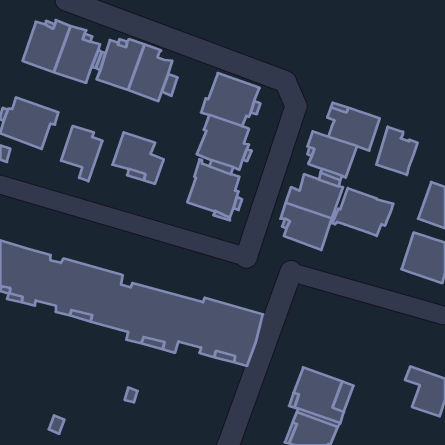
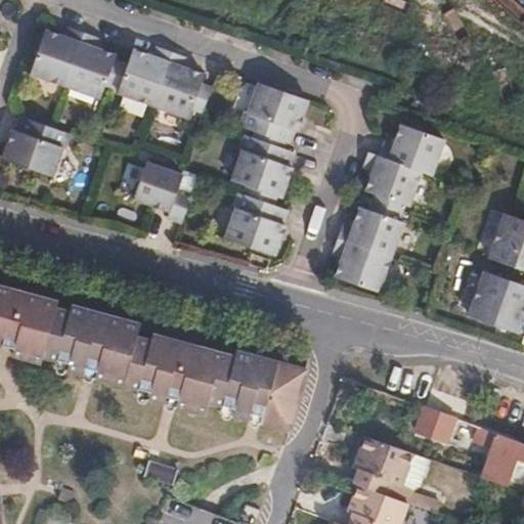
building: [61,126,102,181] -> none
building: [376,127,417,175] -> none
building: [332,188,393,236] -> none
building: none -> [417,410,457,447]

